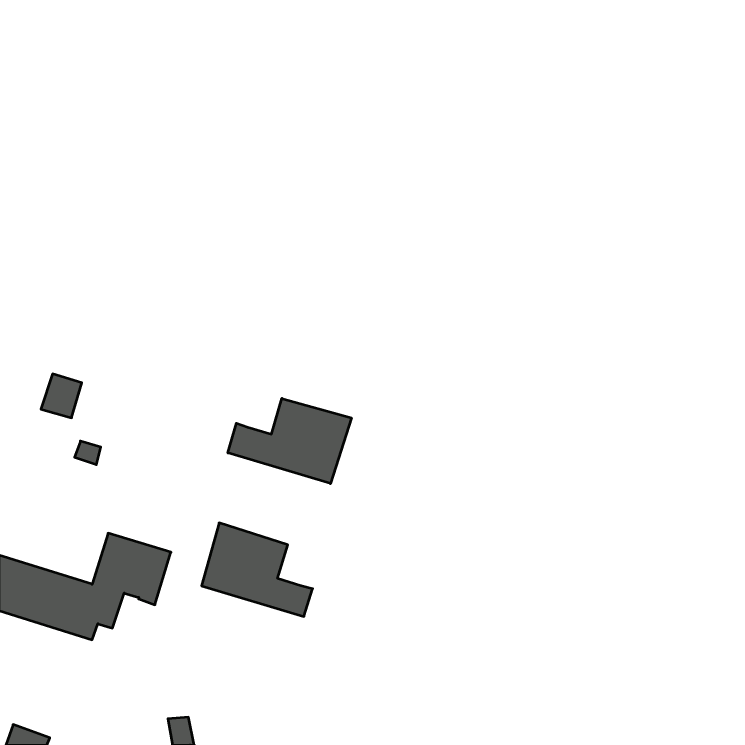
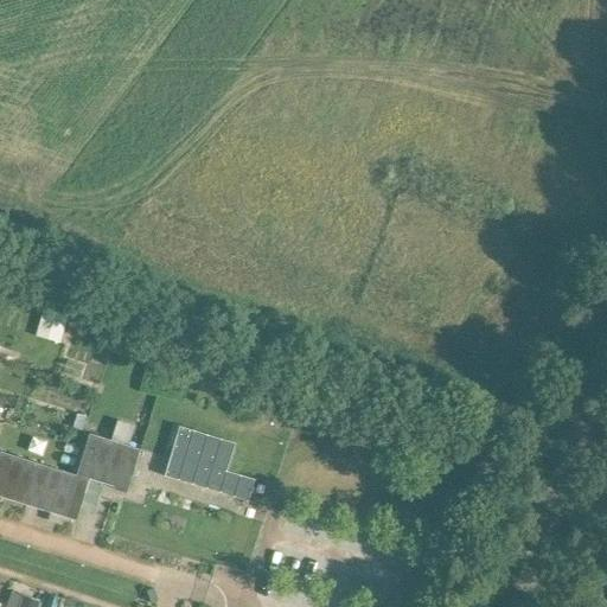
building: [228,398,351,484] -> none

